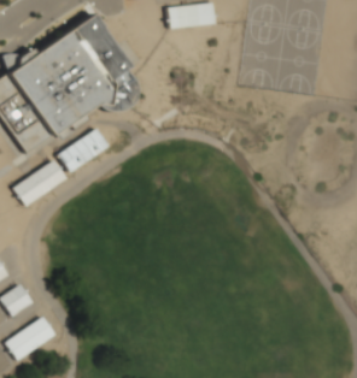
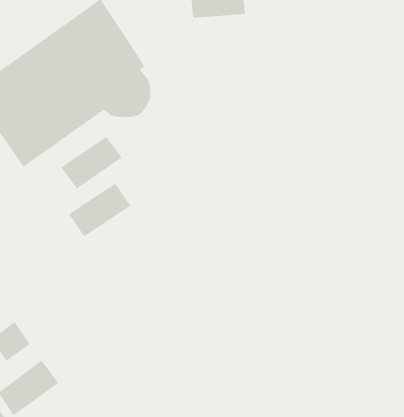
building: [11,160,64,206] -> [68,183,131,237]

